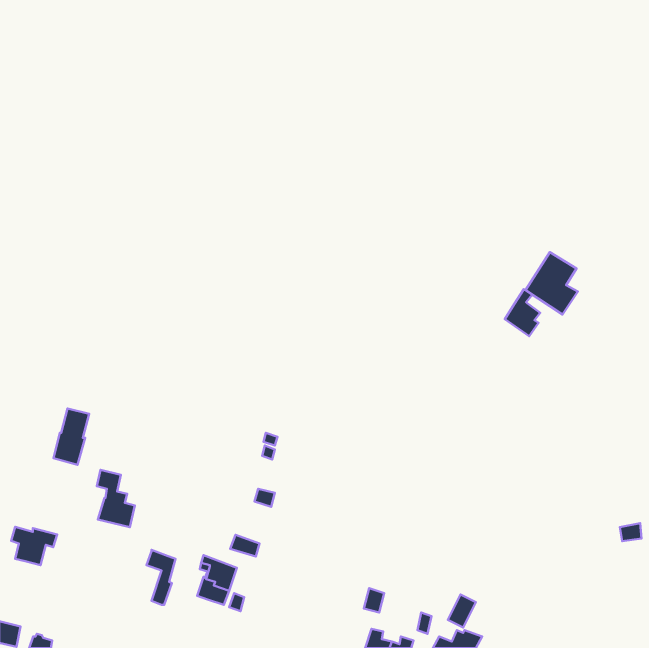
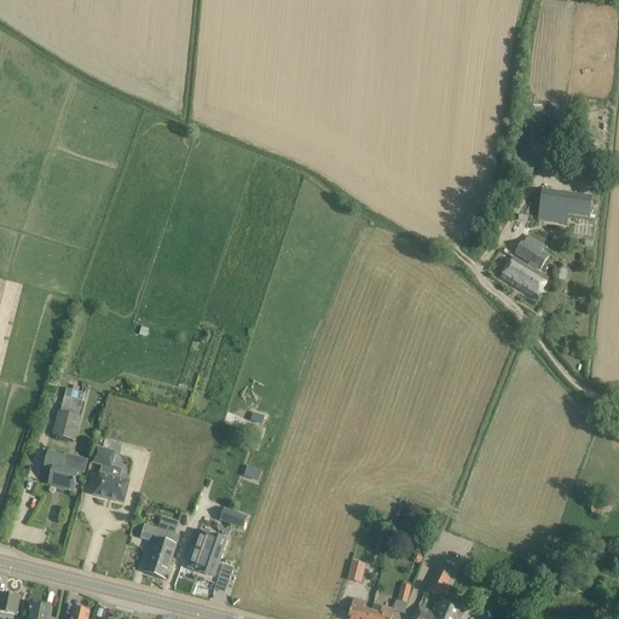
building: none -> [536,189,592,222]
building: [505,289,540,336] -> none
building: [11,527,57,565] -> [44,451,87,487]
building: none -> [156,515,178,577]

